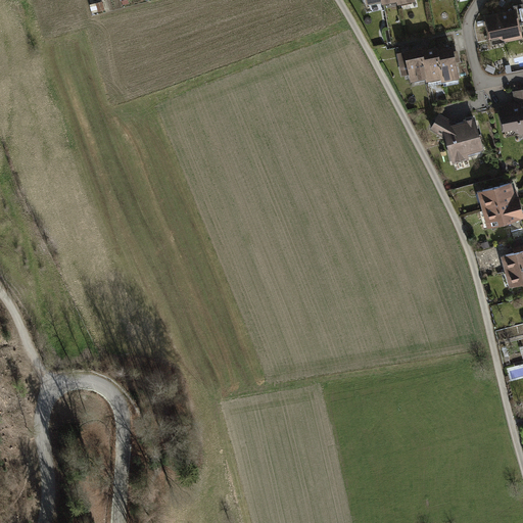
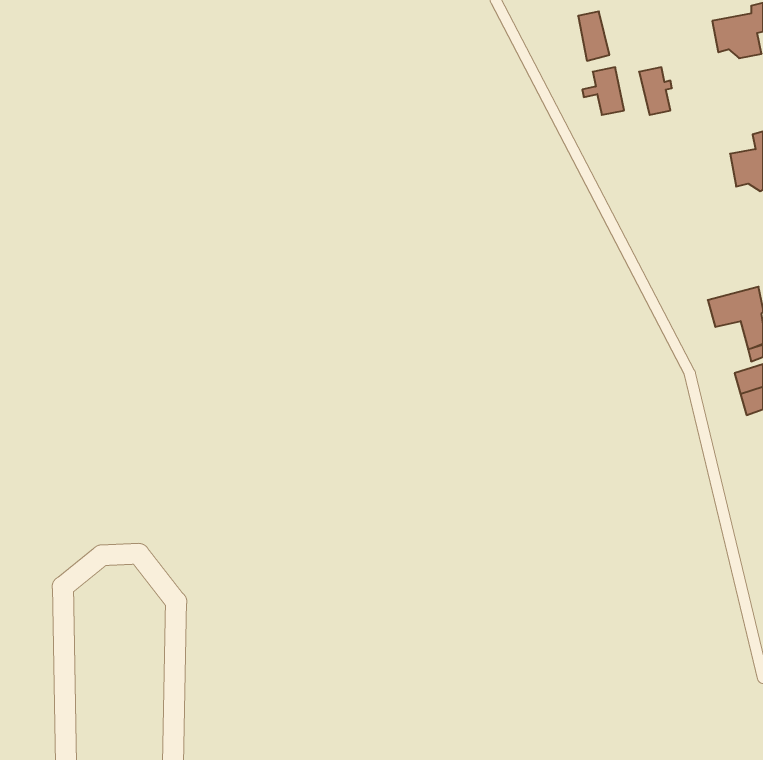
building: [422,48,443,82] -> [578,11,609,61]
building: [433,116,483,162] -> none
building: [480,184,515,207] -> none

